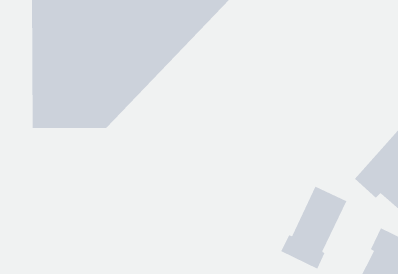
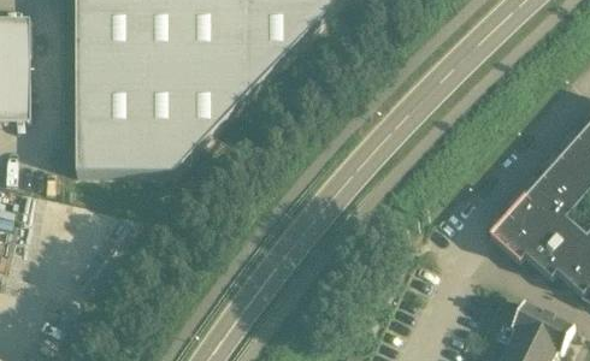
building: [280,186,347,270] -> none

